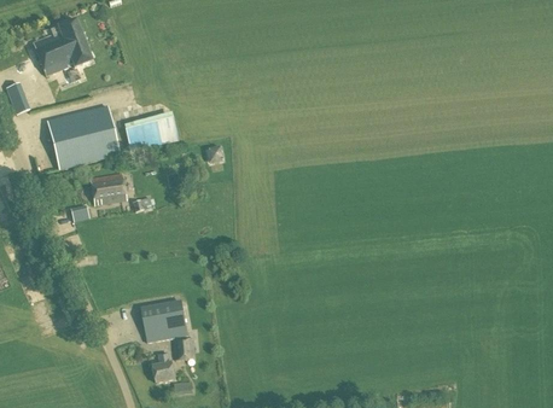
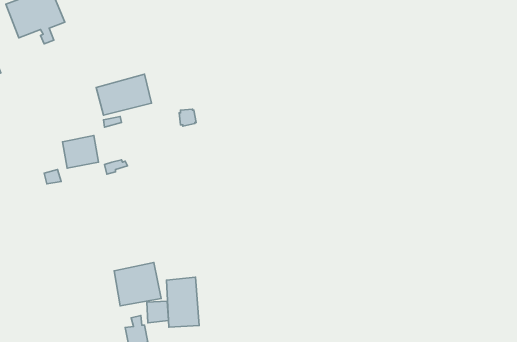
building: [47,106,120,169] -> none
building: none -> [166,277,199,327]

